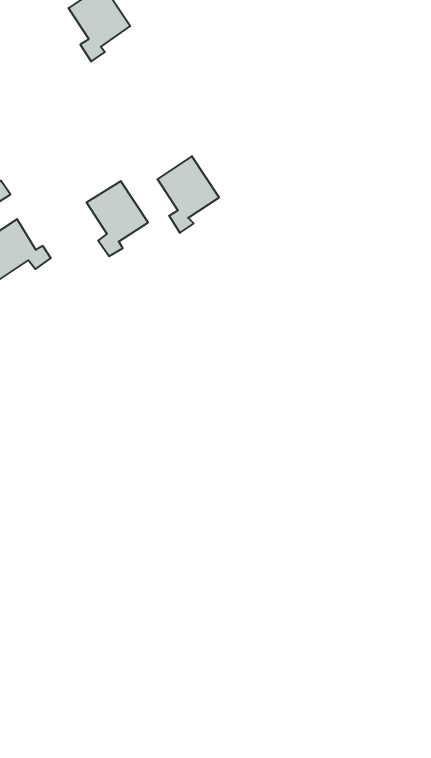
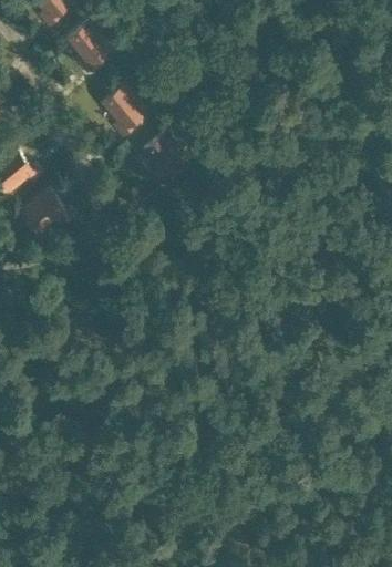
building: [86,181,148,256] -> [103,85,147,138]

